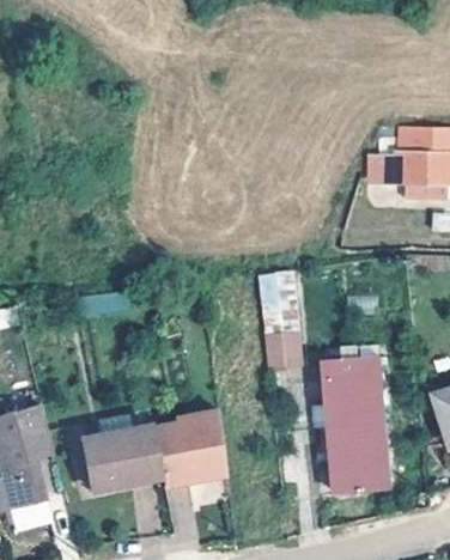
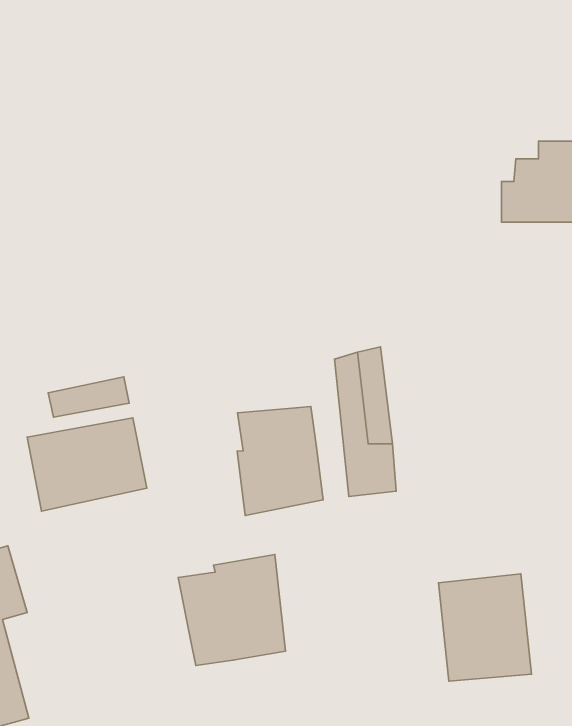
building: none -> [237,406,323,515]
building: [323,361,385,430] -> none
building: [80,426,162,489] -> [27,418,147,511]

